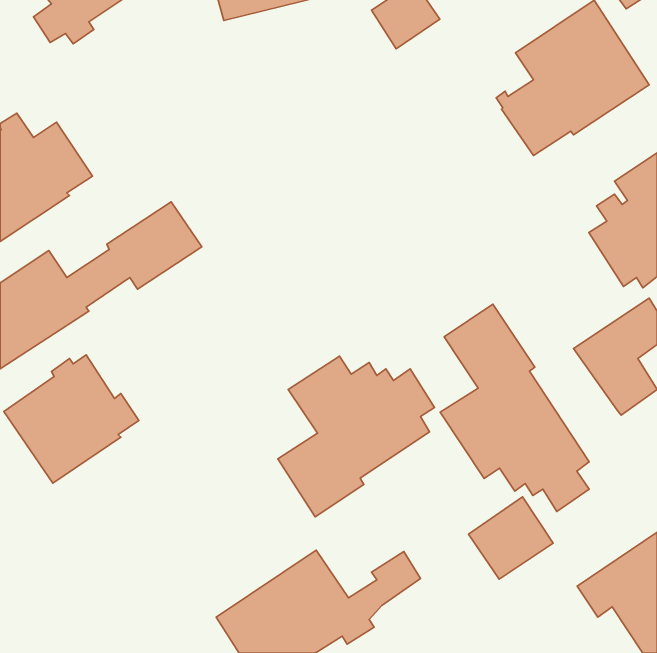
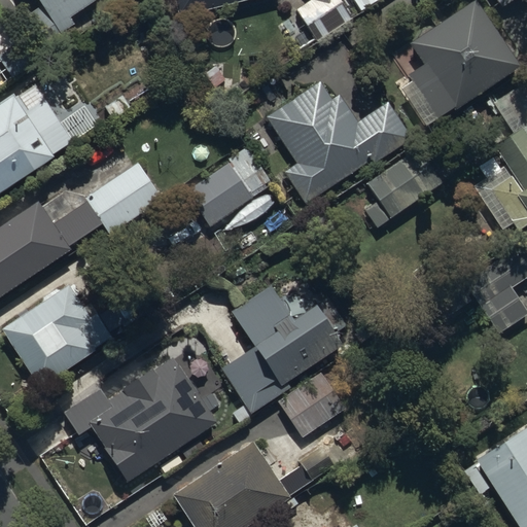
building: none -> [268,80,412,204]
building: none -> [188,145,273,223]
building: none -> [353,145,443,227]
building: [440,304,589,511] -> none
building: none -> [64,356,218,483]
building: [468,497,553,579] -> [278,371,346,436]

